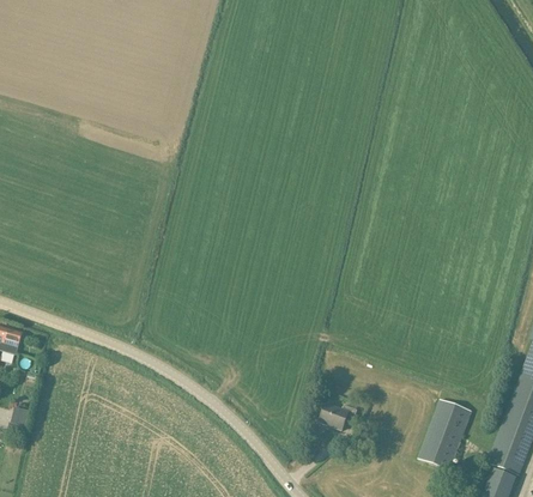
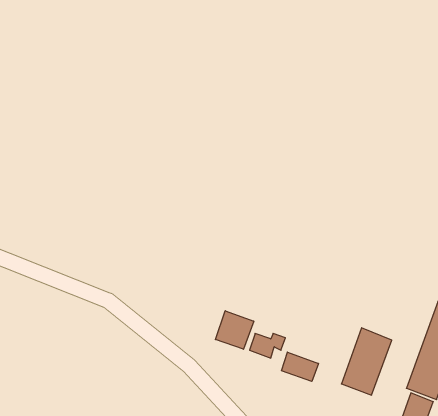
building: none -> [215,311,254,349]
building: none -> [282,352,318,381]

